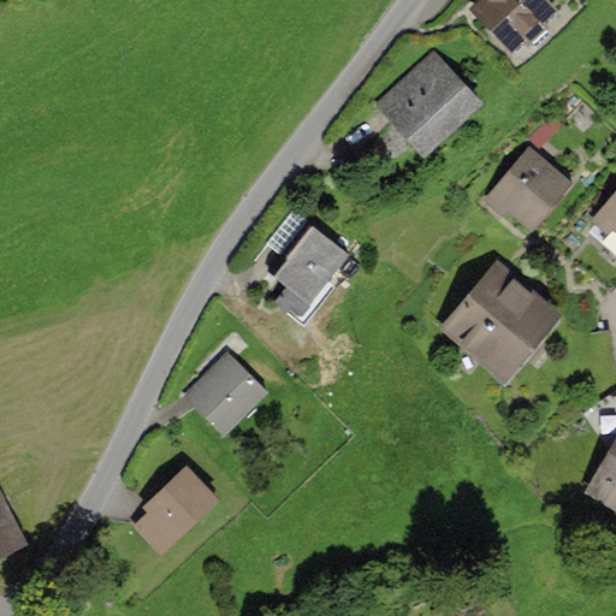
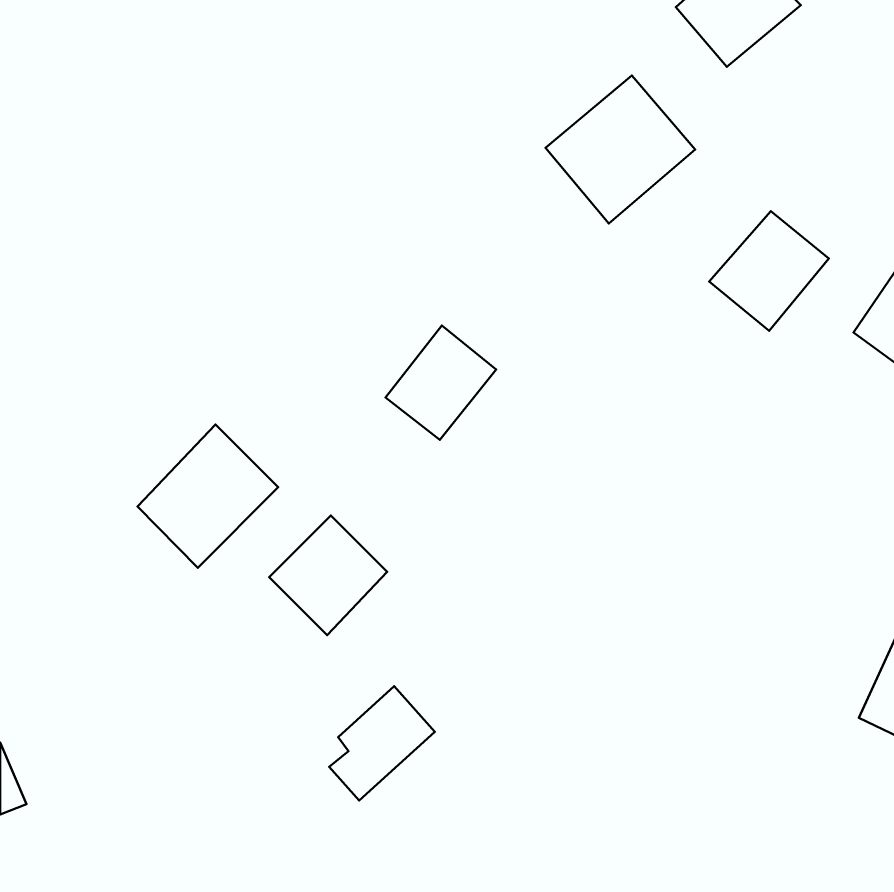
building: [440,262,562,383] -> none
building: none -> [137,424,278,568]
building: [146,472,218,550] -> [329,686,435,800]

